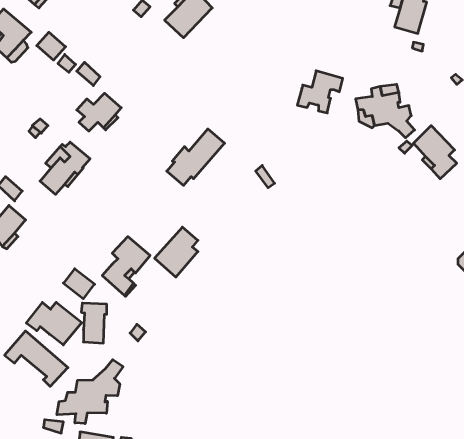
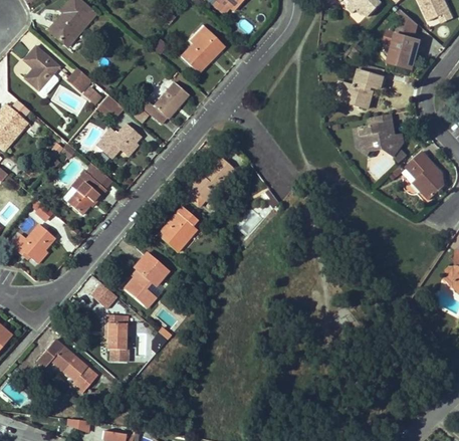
building: none -> [141,81,189,123]
building: [297,71,343,113] -> [342,70,384,108]
building: [155,227,198,277] -> [158,206,197,251]
building: [26,302,82,345] -> none
building: [57,360,123,424] -> none

